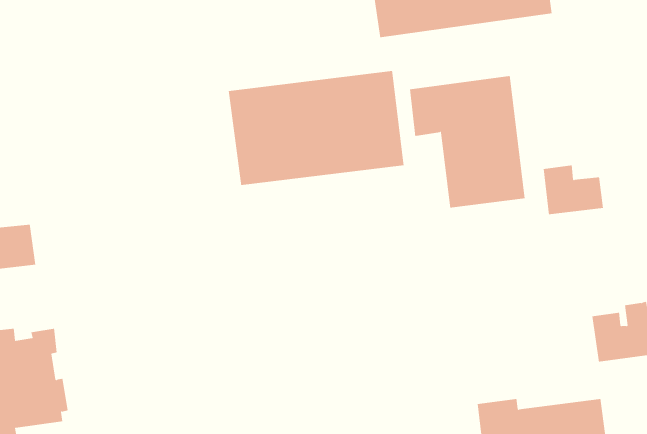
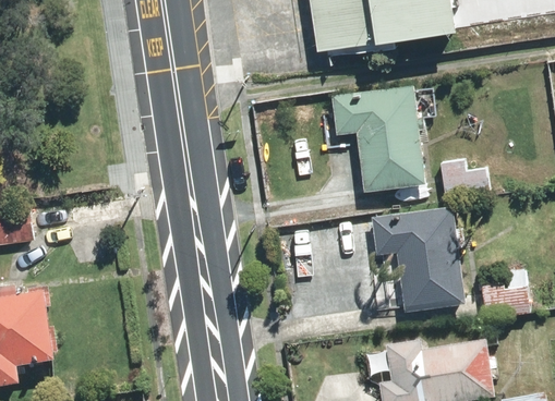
building: [228,70,404,186] -> none
building: none -> [371,206,466,311]

